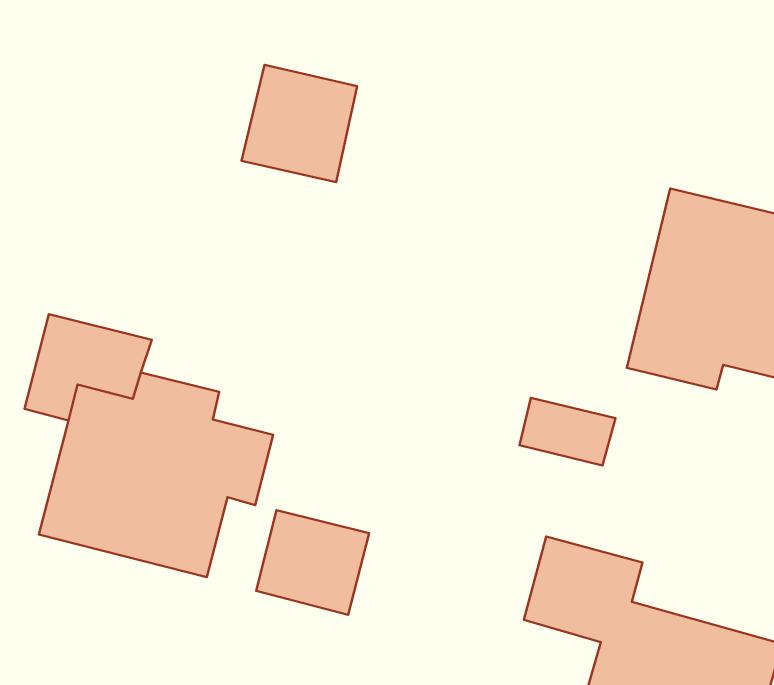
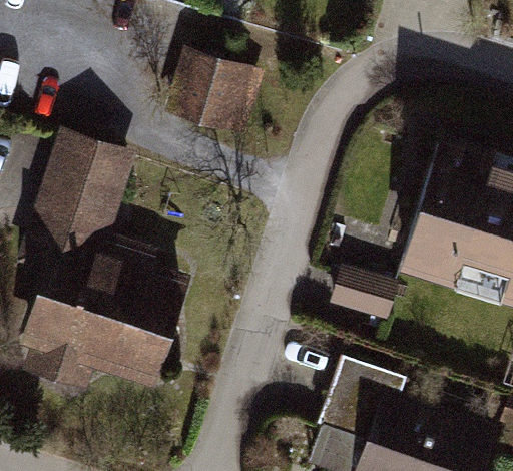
building: none -> [45,142,128,224]
building: [256,510,369,615] -> none

